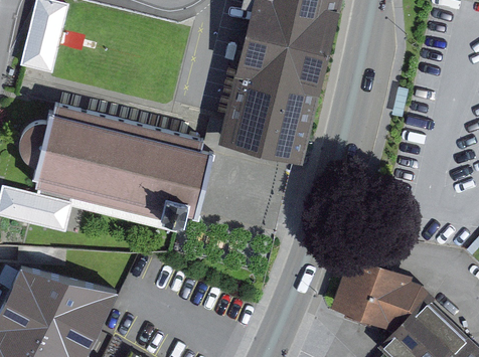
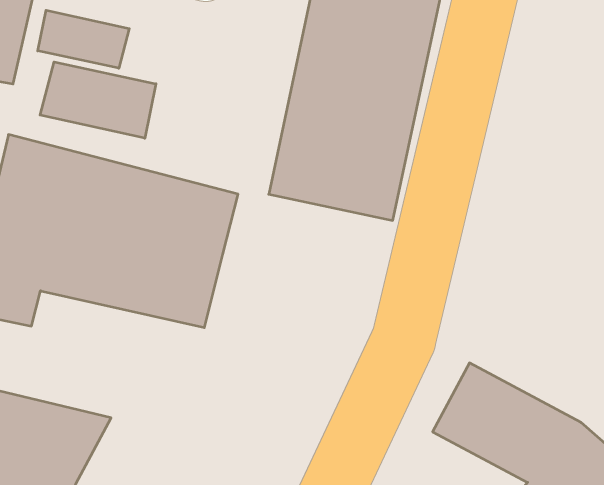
building: none -> [38,10,129,68]
building: none -> [40,62,156,138]

